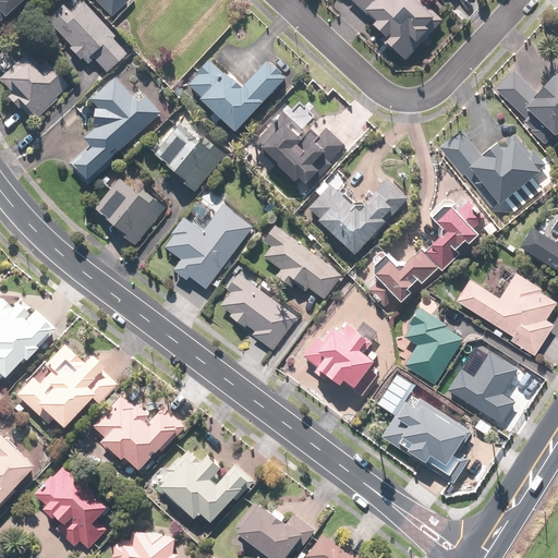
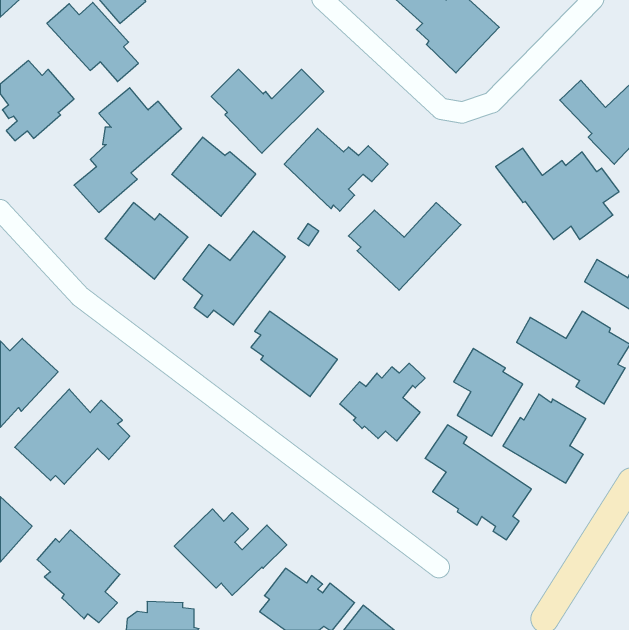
building: [376,199,486,301] -> none
building: [260,223,342,299] -> none
building: [93,392,187,471] -> none

